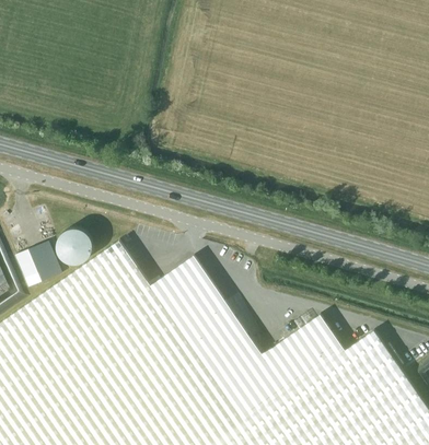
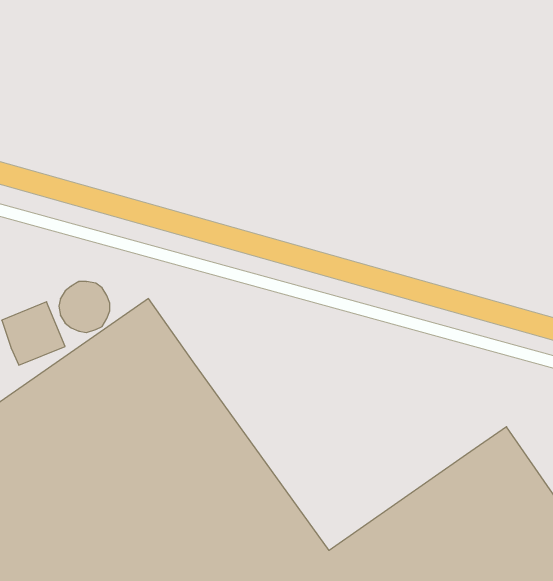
building: [151,256,345,419] -> none

